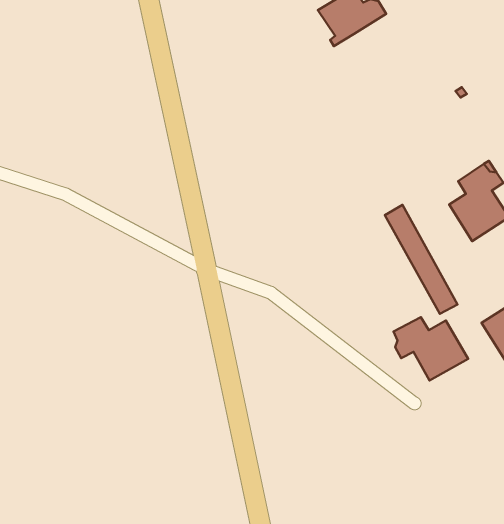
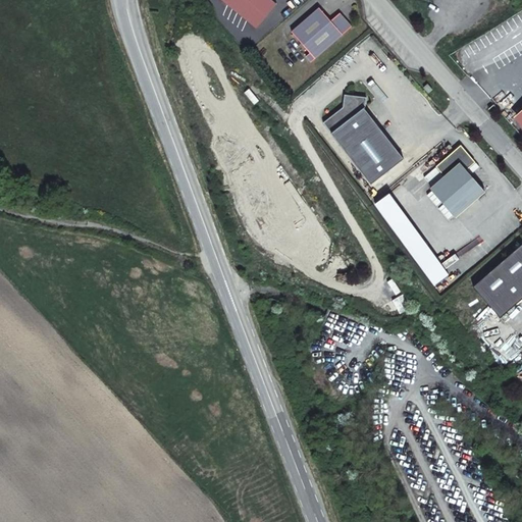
building: none -> [323,94,403,185]
building: [393,317,468,380] -> none

